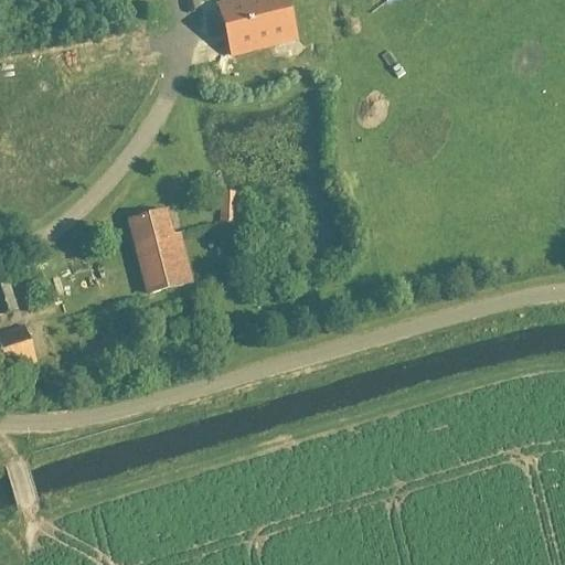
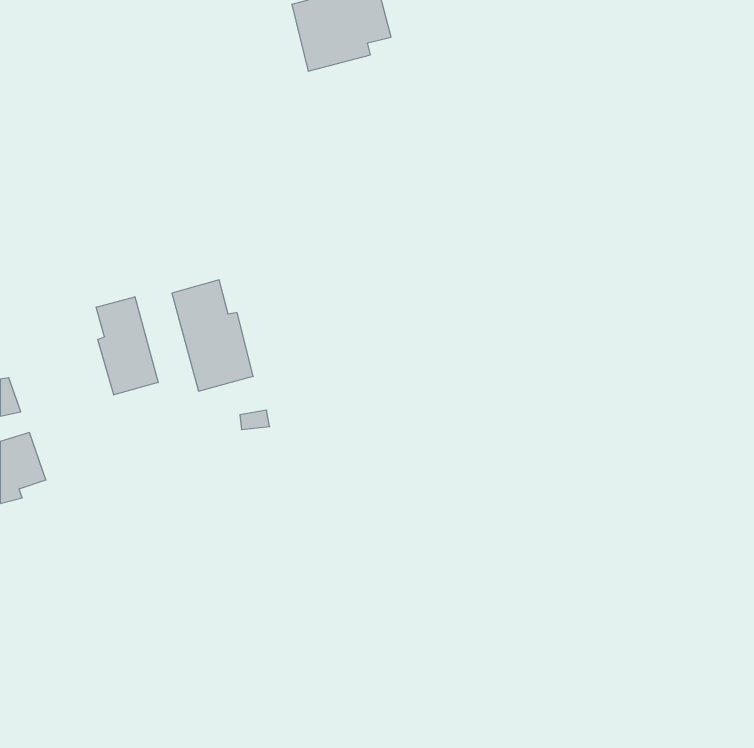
building: none -> [96,297,158,395]

